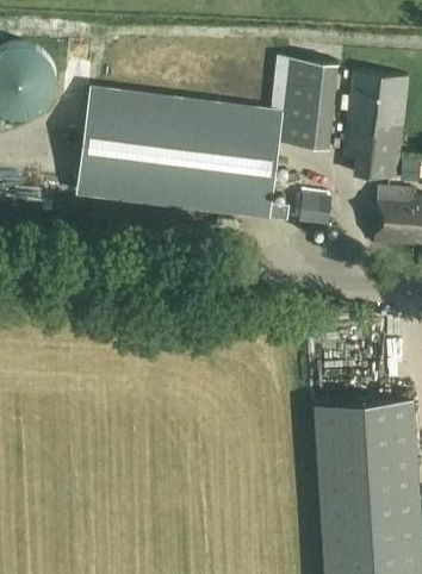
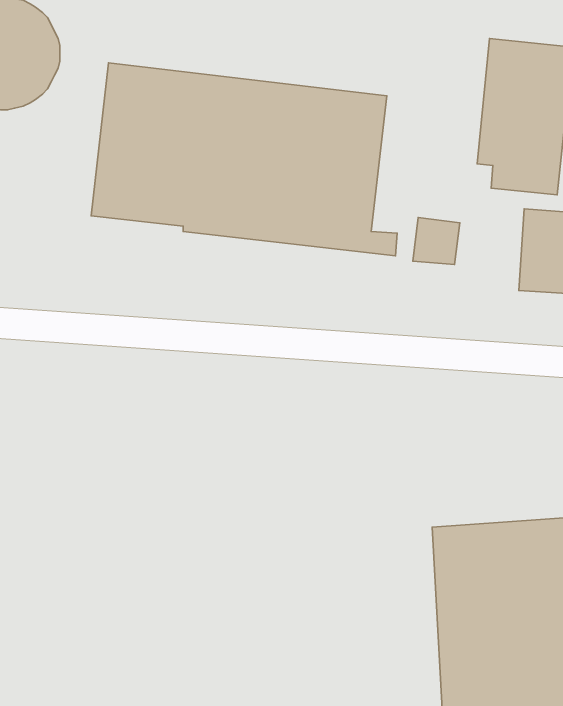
building: [280,58,337,149] -> none

